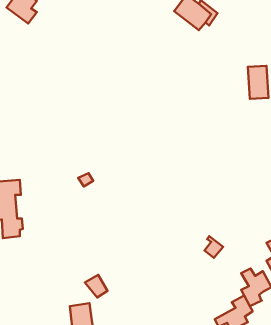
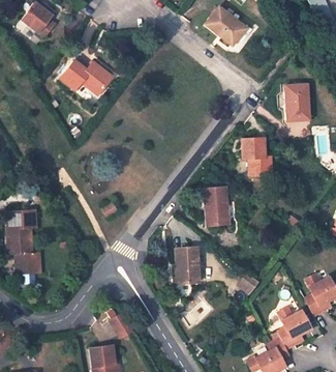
building: none -> [60,60,111,93]
building: none -> [242,138,271,175]
building: none -> [204,187,227,226]
building: none -> [174,247,198,283]

